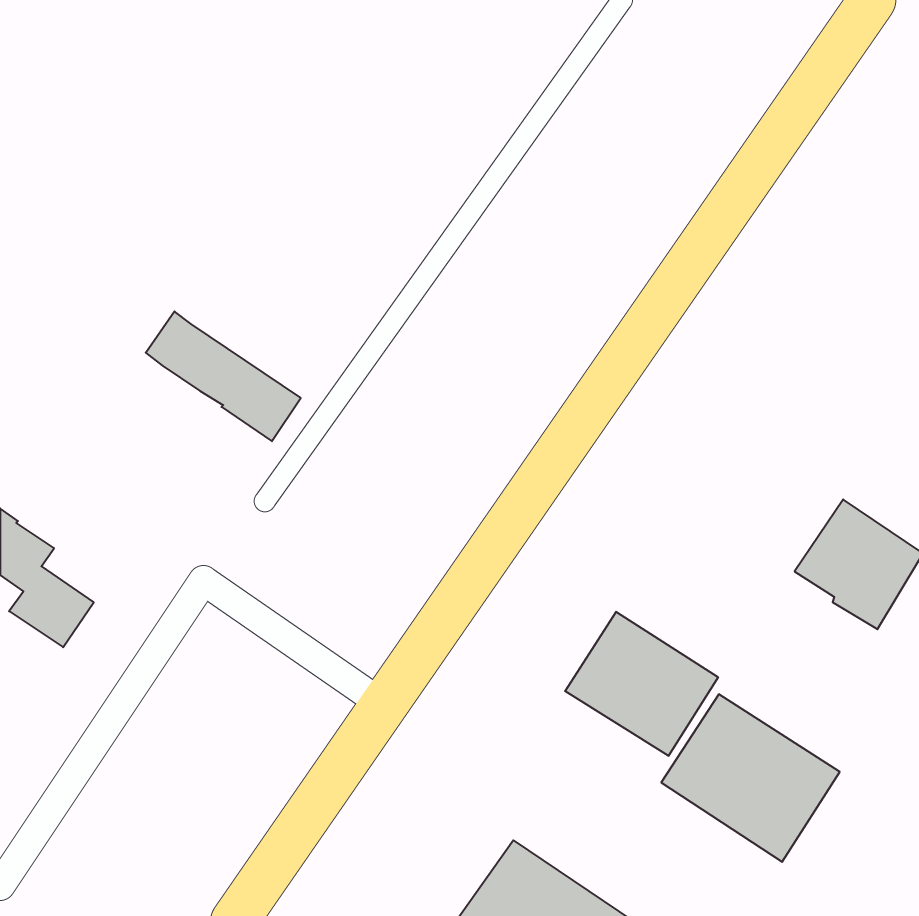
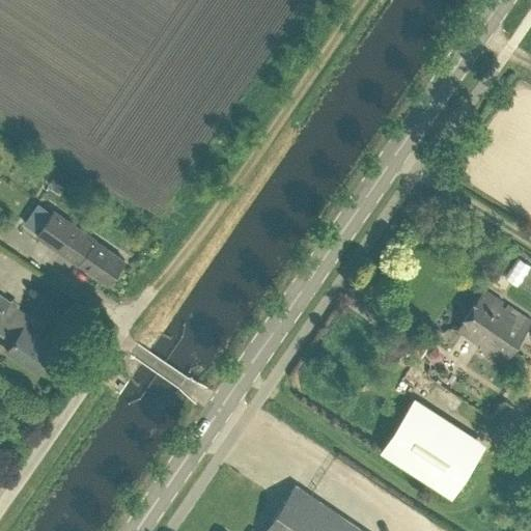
building: [146,311,301,441] -> [36,212,125,286]
building: [565,612,718,756] -> none

